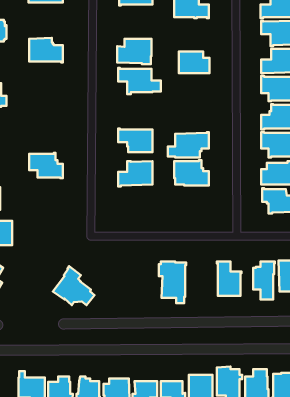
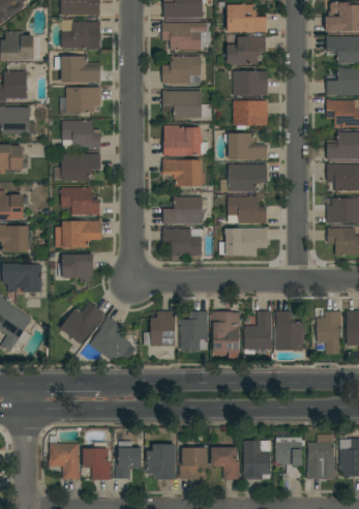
building: none -> [61,19,99,50]
building: none -> [160,22,210,51]
building: none -> [227,36,265,64]
building: none -> [65,88,100,113]
building: none -> [232,101,267,126]
building: none -> [61,120,100,148]
building: none -> [162,125,208,156]
building: none -> [223,133,267,161]
building: none -> [61,153,100,182]
building: none -> [55,220,100,247]
building: none -> [225,228,267,257]
building: none -> [162,229,202,258]
building: none -> [57,255,93,282]
building: none -> [59,302,104,345]
building: none -> [143,311,175,347]
building: none -> [179,311,208,351]
building: none -> [243,311,271,354]

